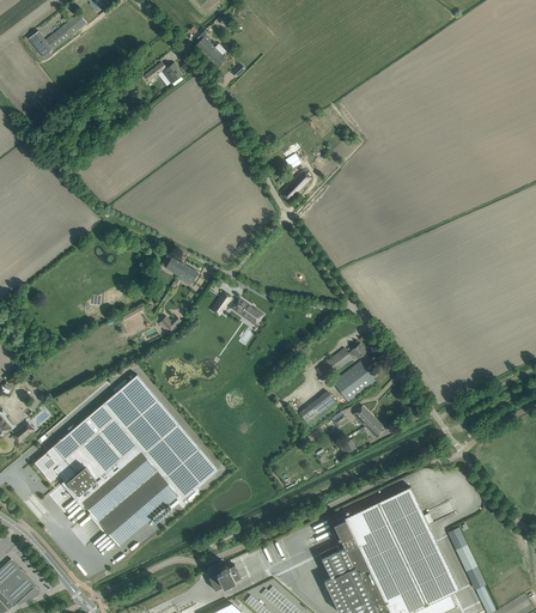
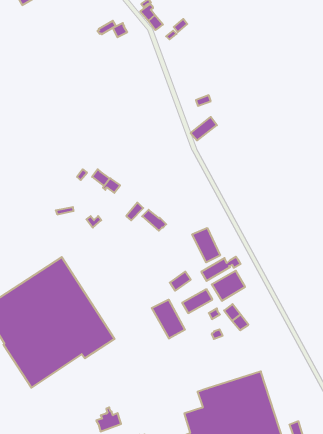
building: none -> [192,228,220,262]
building: none -> [152,300,185,339]

